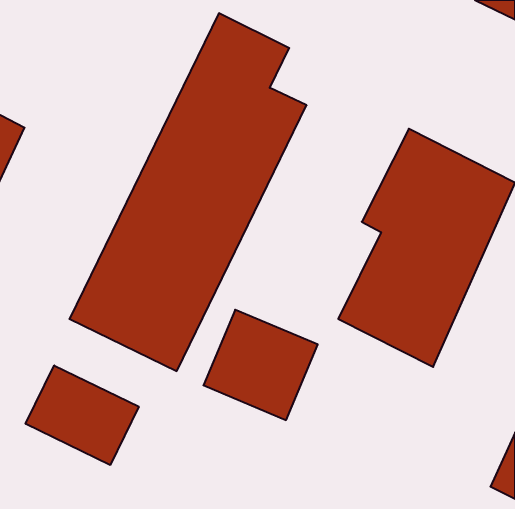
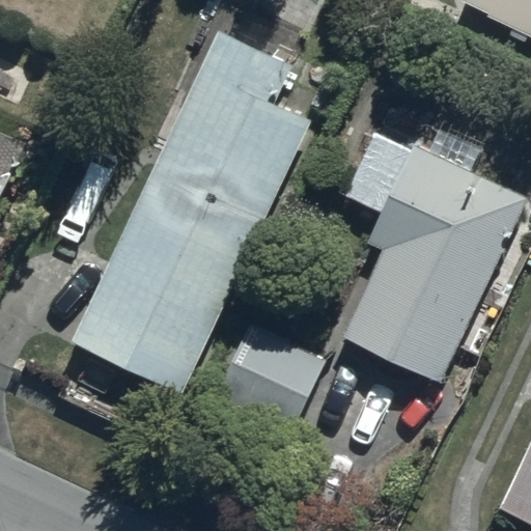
building: [26,365,139,465] -> none

